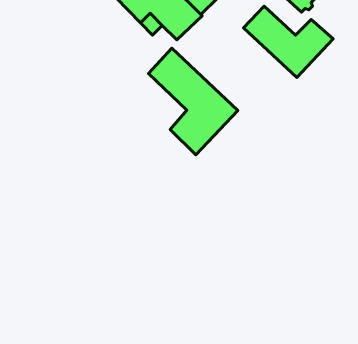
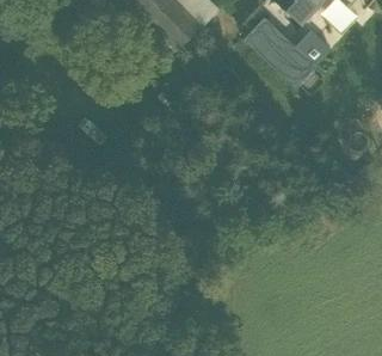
building: [148,48,238,155] -> none

